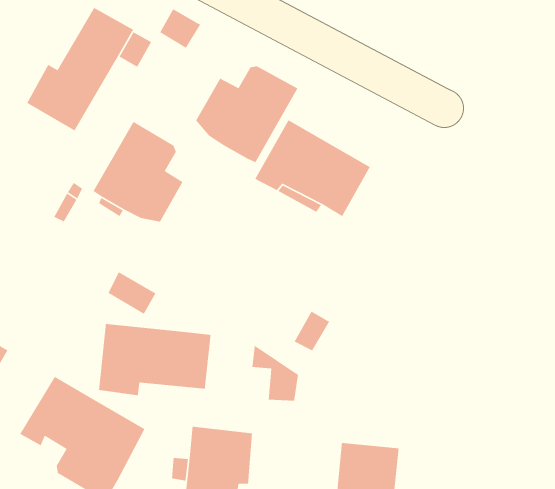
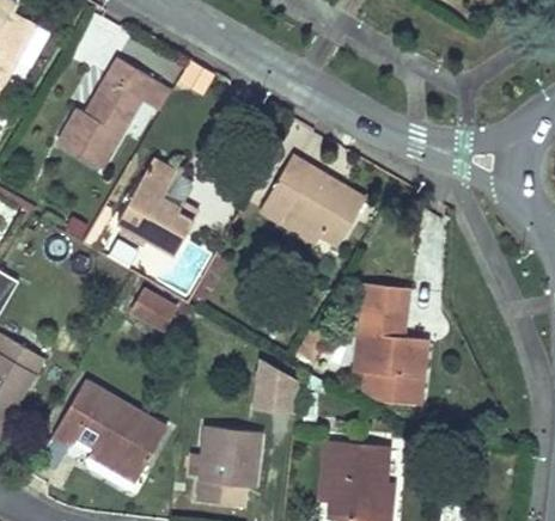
building: [195,66,298,163] -> none
building: none -> [353,280,425,402]
building: [98,323,212,396] -> none

